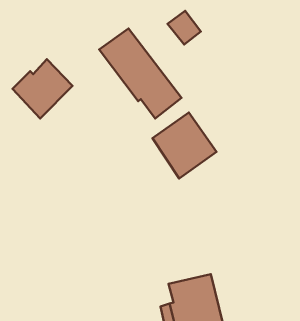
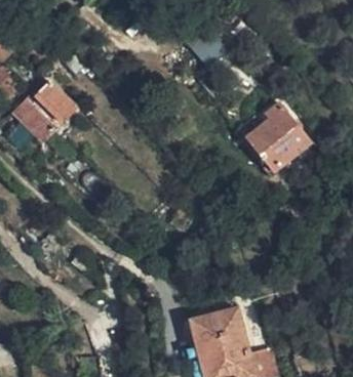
building: [99,28,181,119] -> none
building: [152,112,217,178] -> [241,101,308,170]

